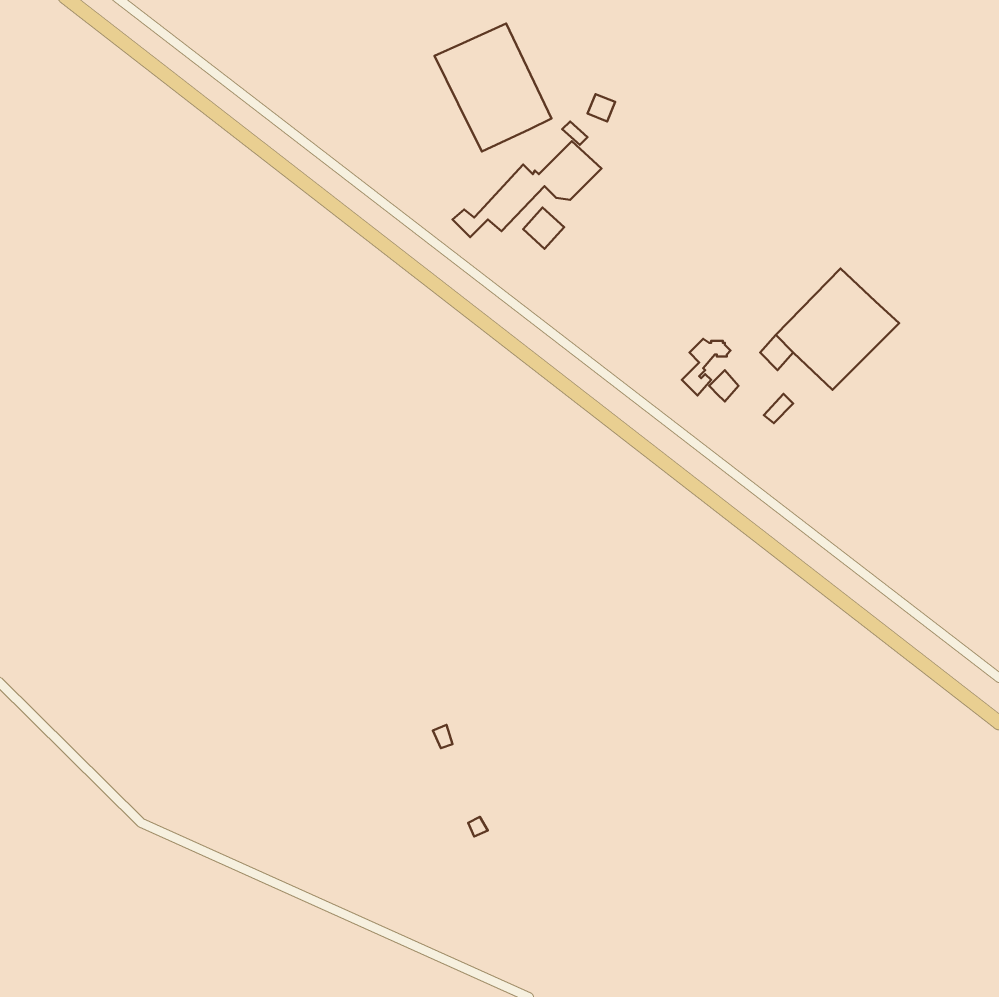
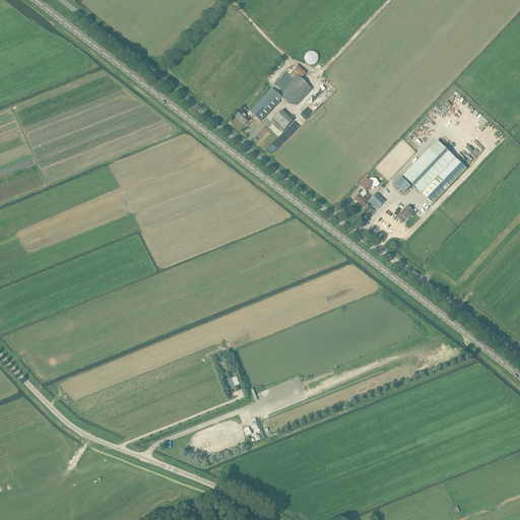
building: [434,23,552,152] -> none

